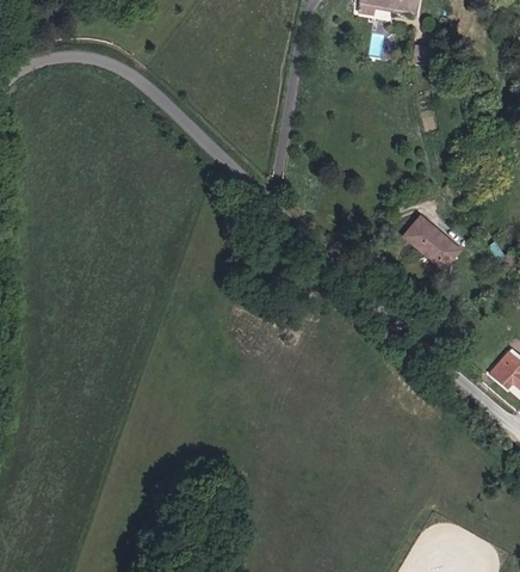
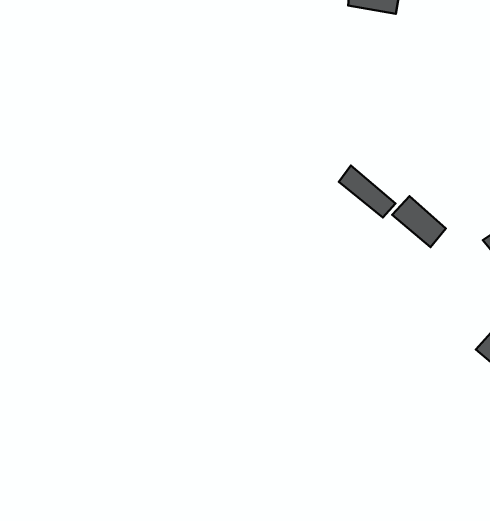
building: none -> [339,165,395,218]

